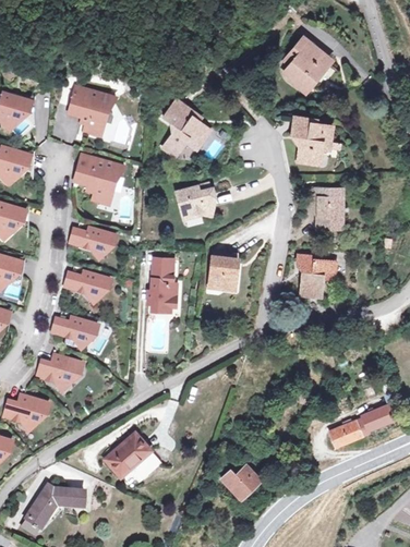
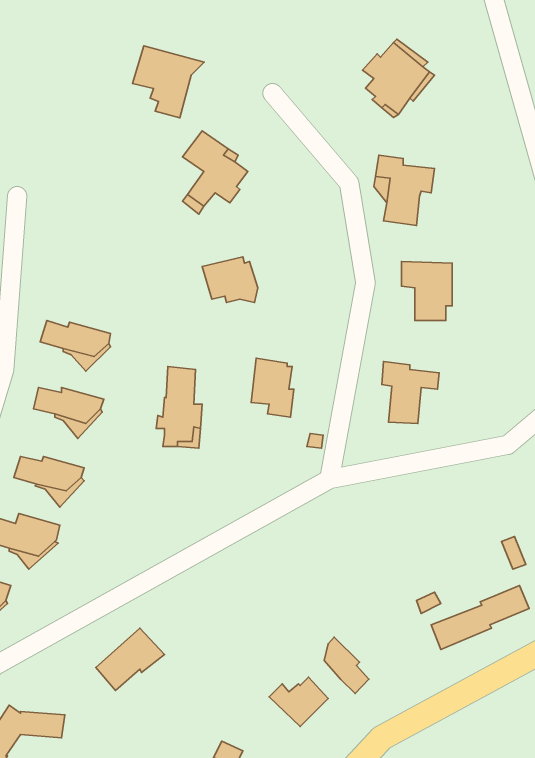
building: [69,86,117,134] -> [132,46,204,118]
building: [75,154,124,203] -> none
building: none -> [324,637,369,693]

